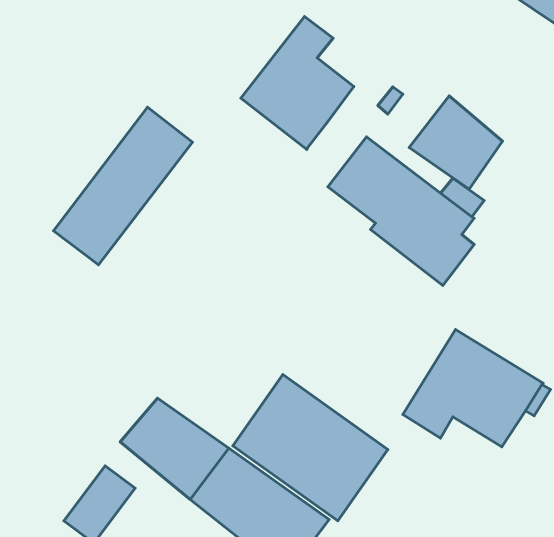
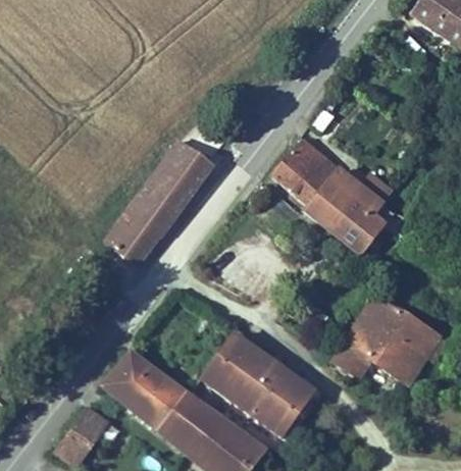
building: [241,16,354,150] -> none
building: [409,96,503,189] -> none
building: [54,107,192,265] -> [102,137,215,265]

